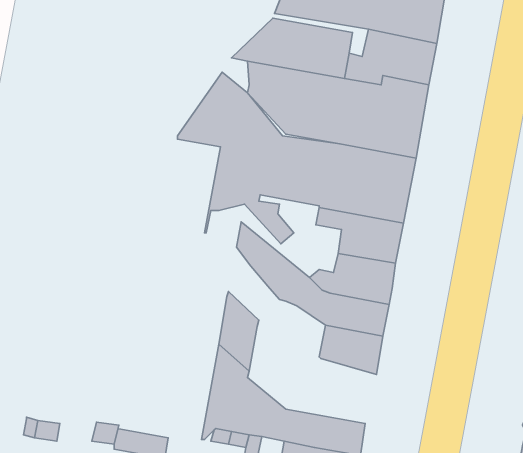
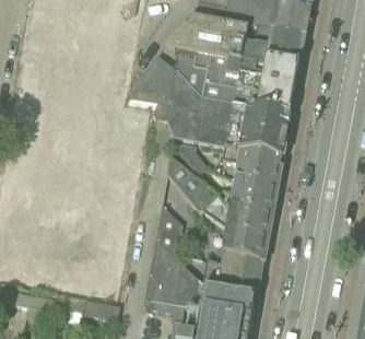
building: none -> [200,248,262,294]

